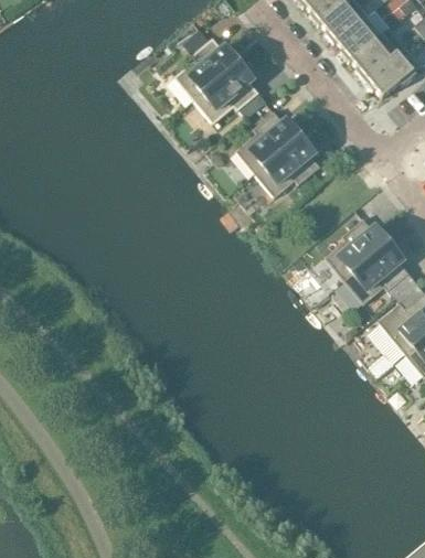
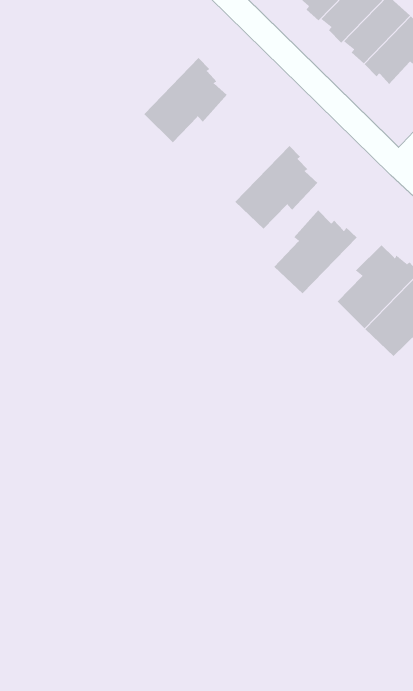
building: [177,28,242,98] -> none
building: [237,109,304,172] -> [273,210,358,294]

